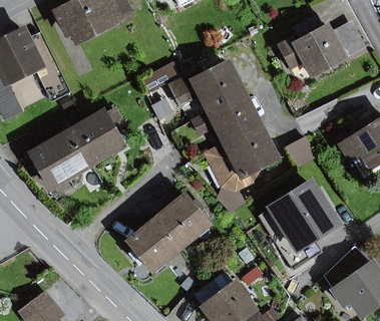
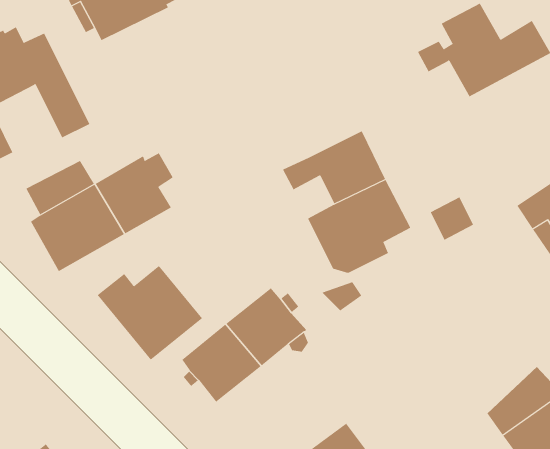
building: [169,62,244,111] -> none
building: none -> [97,265,203,361]
building: [259,183,335,269] -> none

